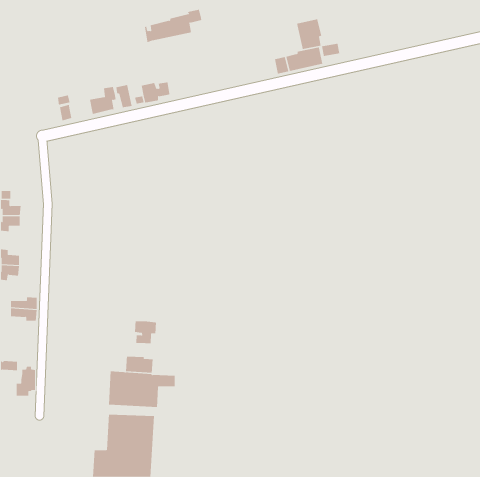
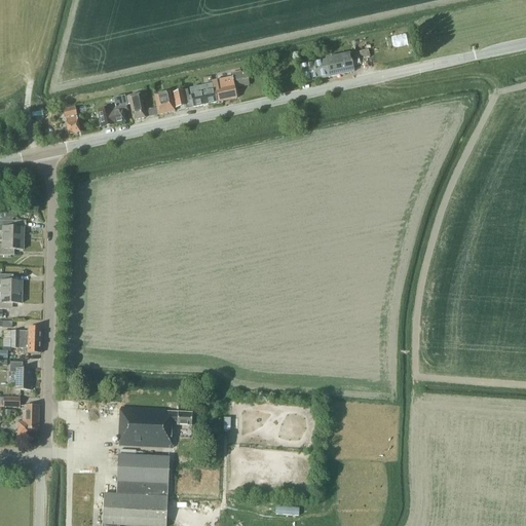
building: [144,9,202,43] -> [184,70,248,107]
building: [297,19,322,50] -> none
building: [134,320,157,344] -> none
building: none -> [9,361,31,387]
building: [126,356,153,373] -> none

